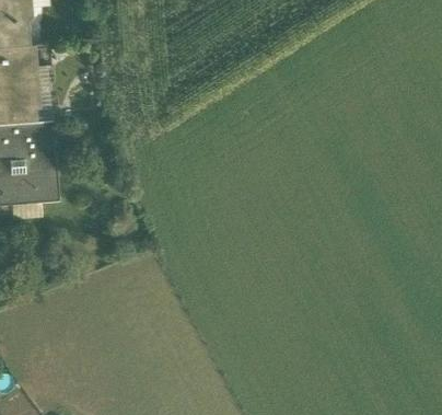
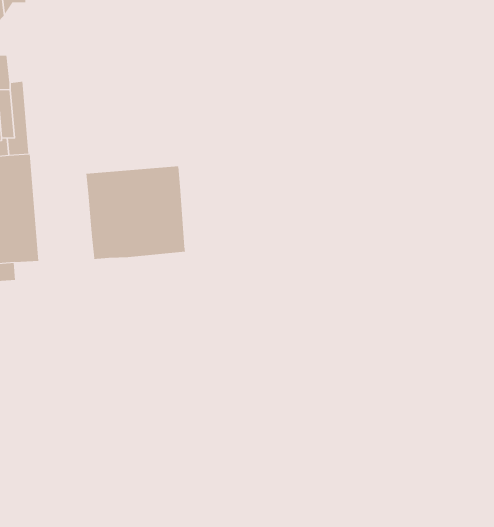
building: none -> [86,166,186,260]

